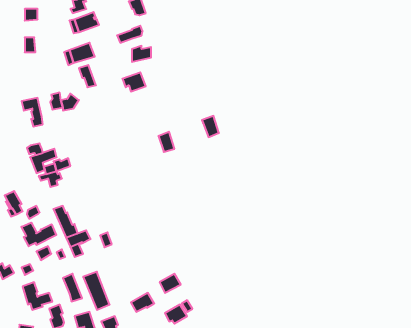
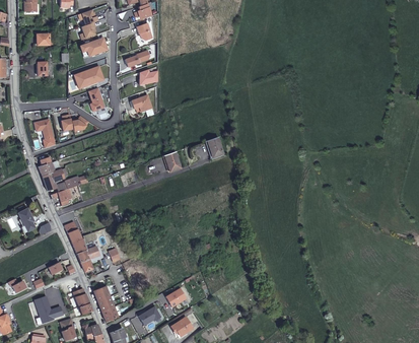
building: [21,223,56,246] -> none

